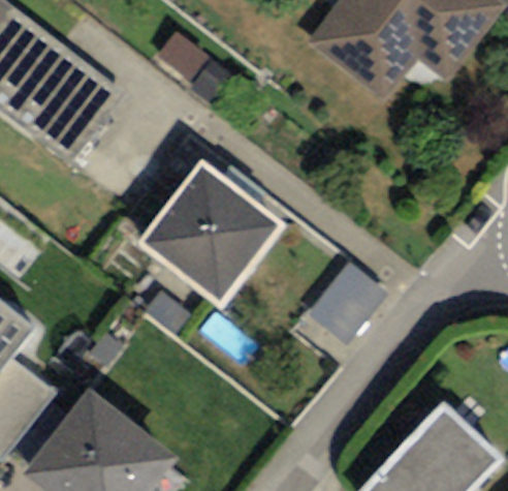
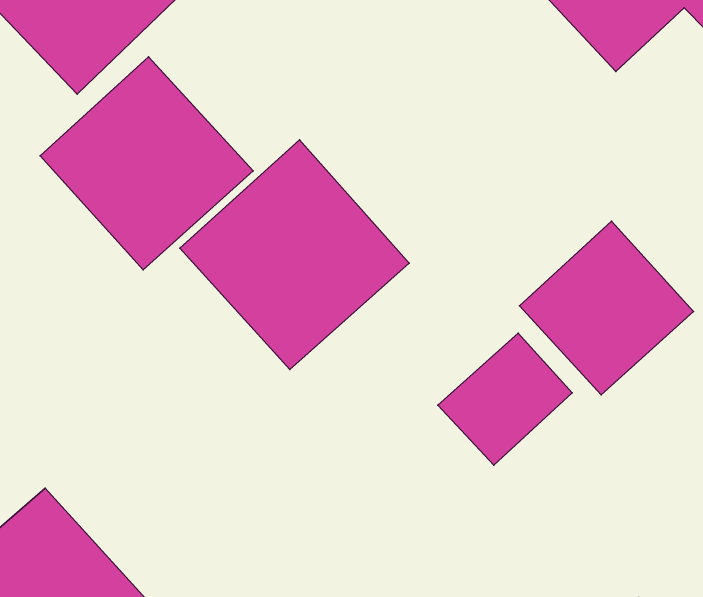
building: none -> [40,57,253,270]
building: none -> [519,221,693,395]

